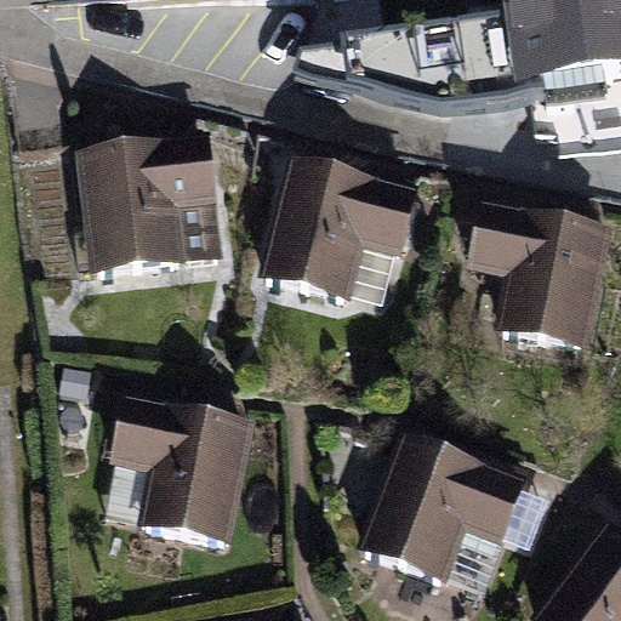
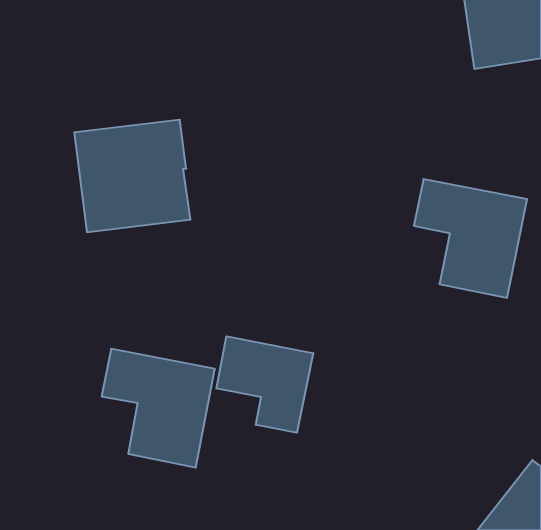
building: [267,161,412,291] -> none
building: none -> [216,336,313,433]
building: [366,438,522,574] -> none

